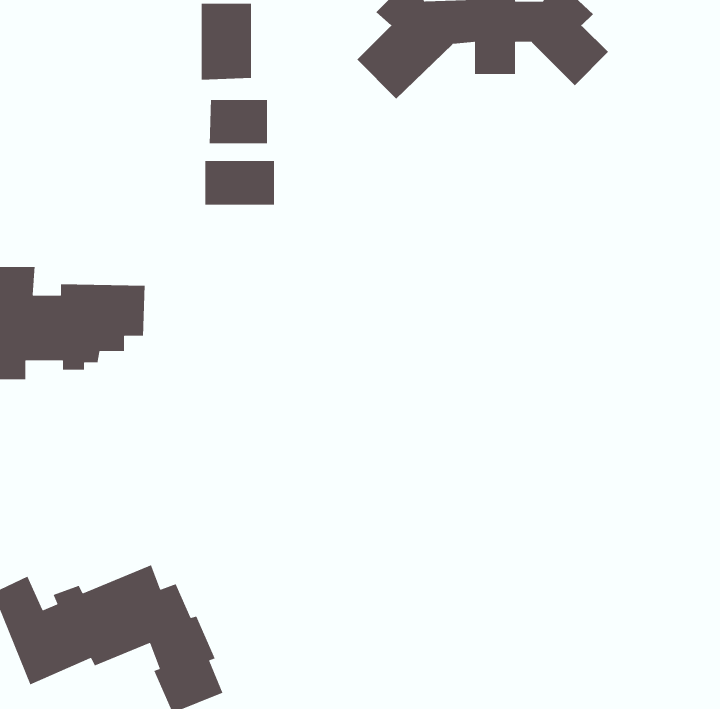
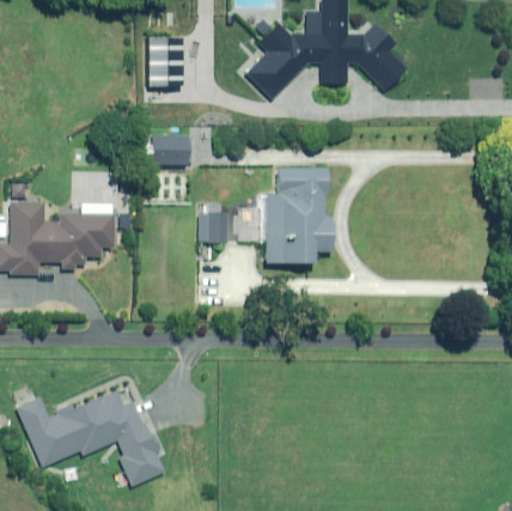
building: [209,99,268,144] -> none
building: none -> [260,168,334,263]
building: none -> [200,212,227,242]

